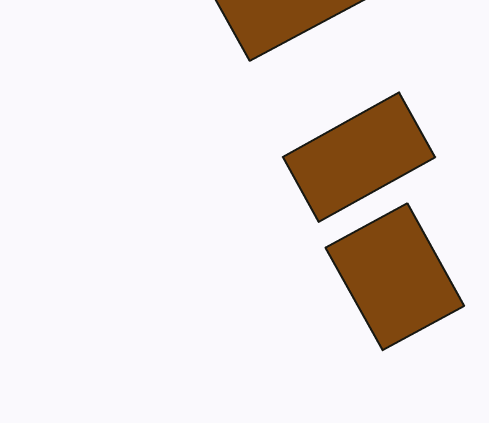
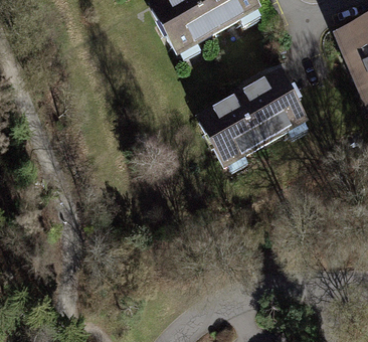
building: [326,203,464,350] -> none

